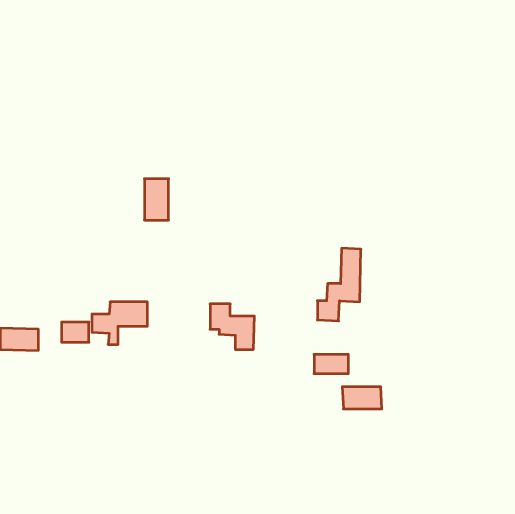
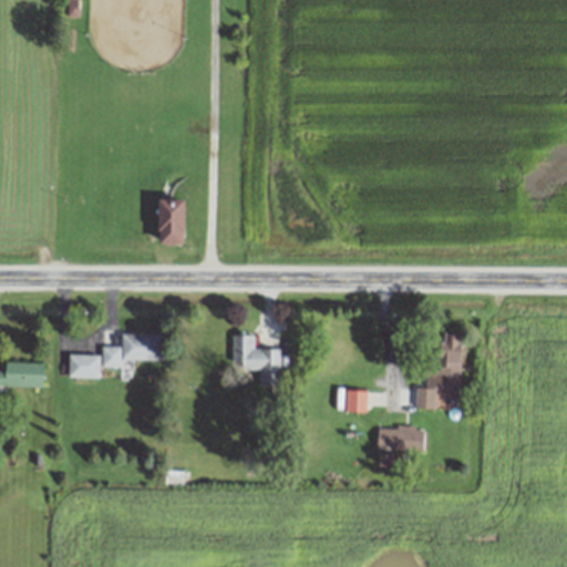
building: [317,248,361,321] -> [415,331,463,411]

